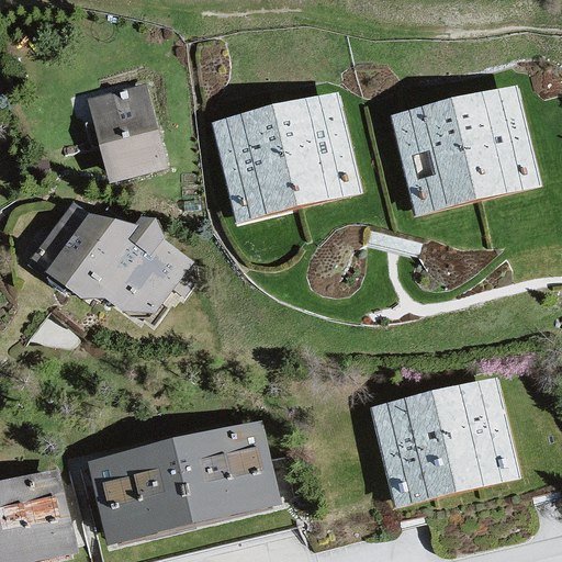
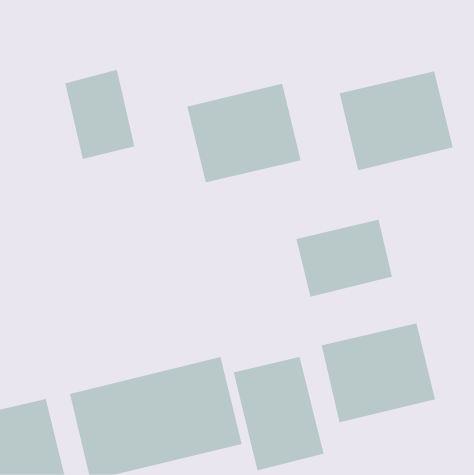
building: [35,203,190,318] -> none
building: none -> [296,219,393,298]
building: none -> [233,356,324,471]

